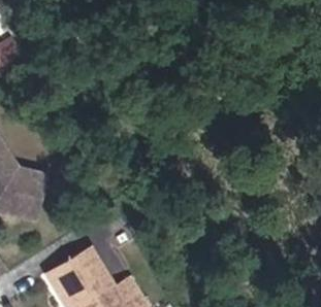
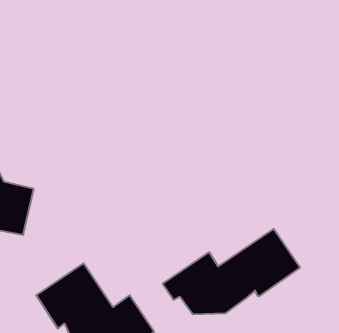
building: none -> [163,229,300,314]

